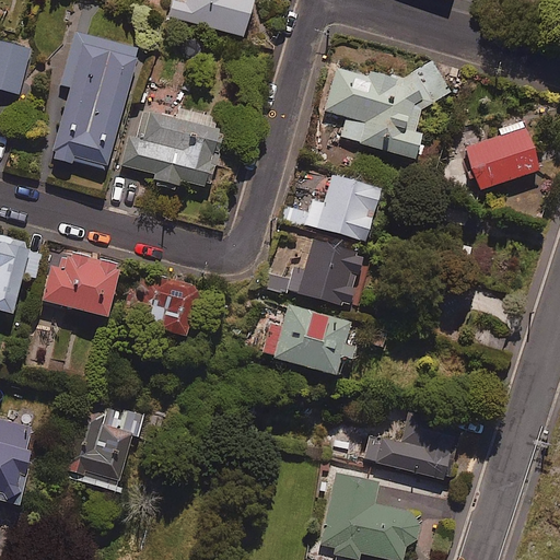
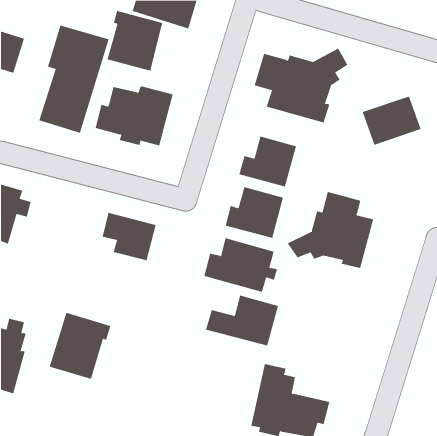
building: none -> [107,10,163,72]
building: none -> [287,191,374,269]
building: [42,250,120,318] -> none
building: [363,415,457,480] -> [205,295,279,346]

